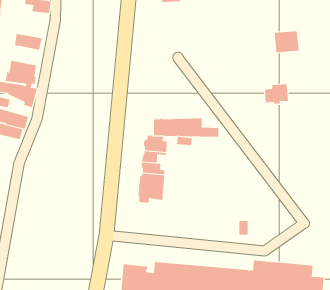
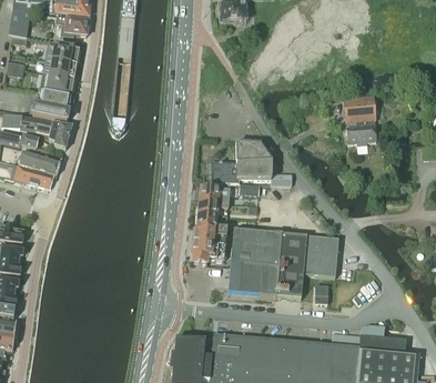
building: none -> [44,42,79,63]
building: [274,31,299,53] -> [343,94,374,121]
building: none -> [39,72,73,97]
building: none -> [234,142,271,161]
building: none -> [227,229,337,298]

